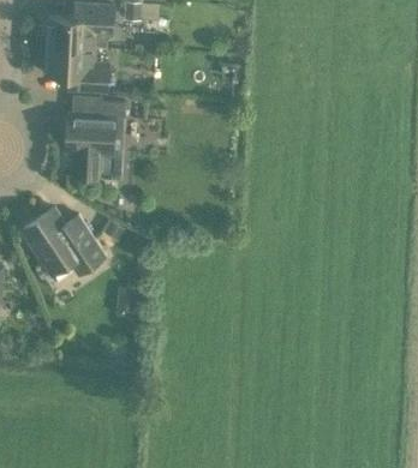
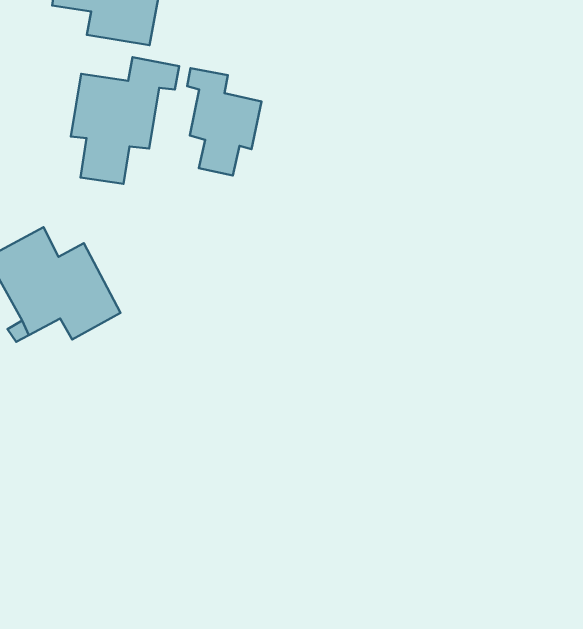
building: none -> [187,68,262,176]

